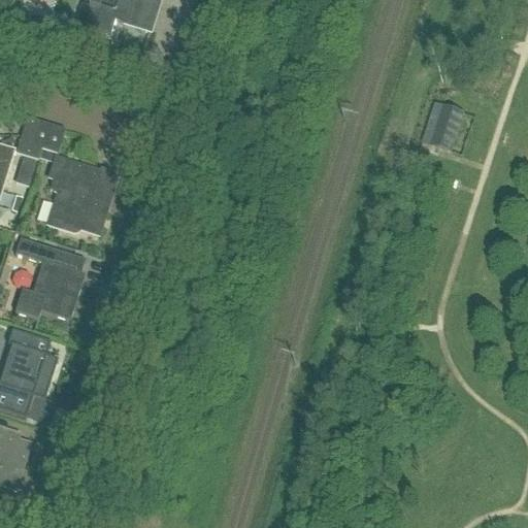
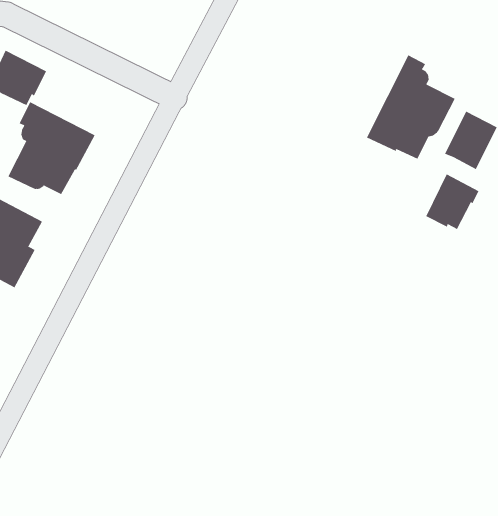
building: none -> [366,54,456,159]
building: none -> [425,174,479,230]

